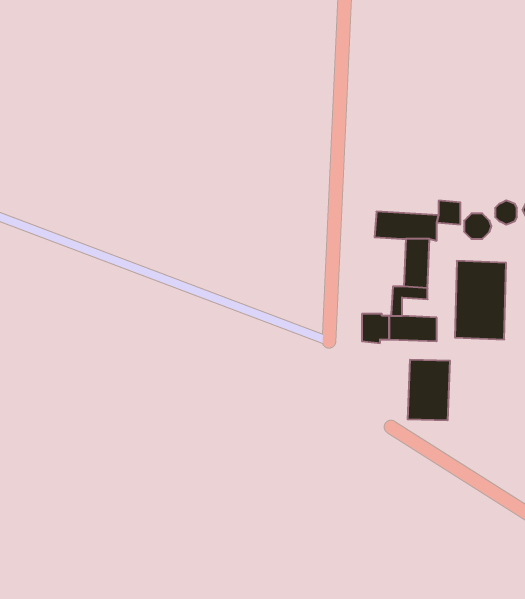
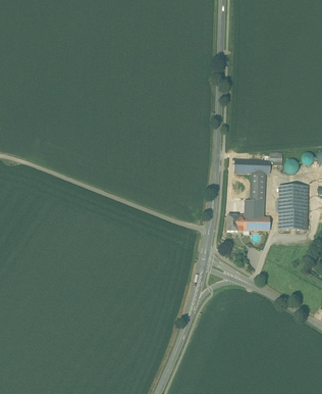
building: [408,360,450,420] -> none

